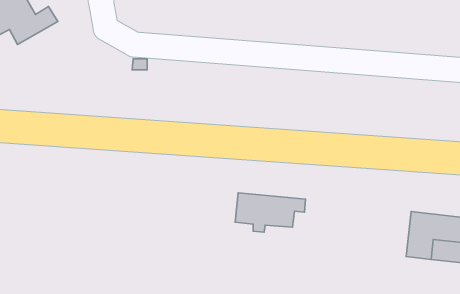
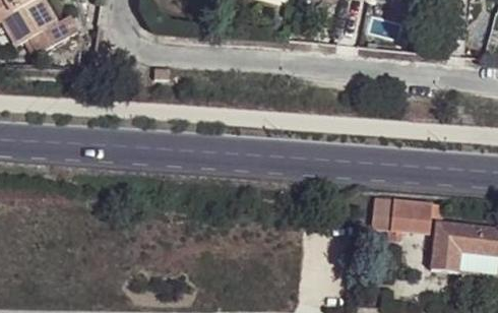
building: [235,193,305,232] -> [372,197,443,237]

